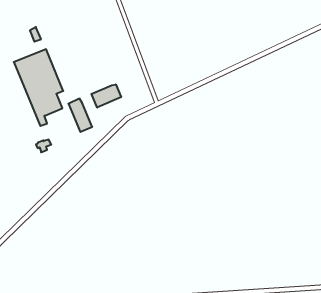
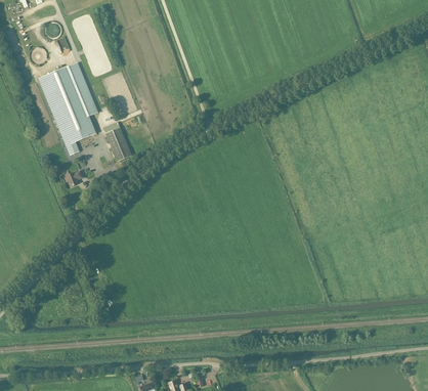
building: [91,84,121,108] -> none

